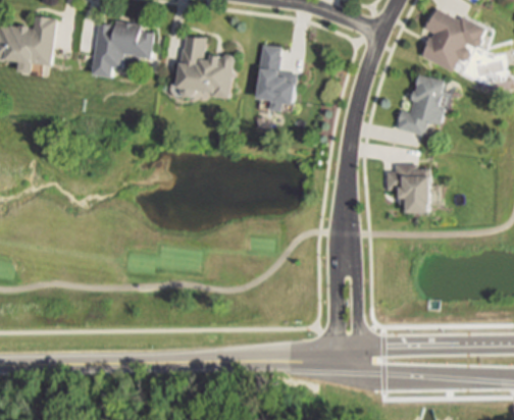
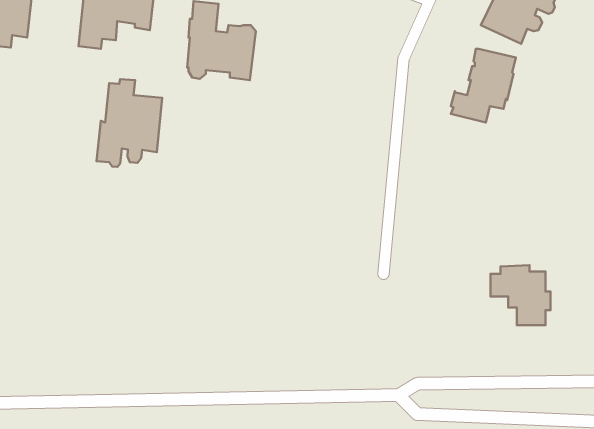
building: [250,45,293,113] -> none
building: none -> [96,79,162,167]
building: [386,163,434,212] -> [491,265,551,325]

